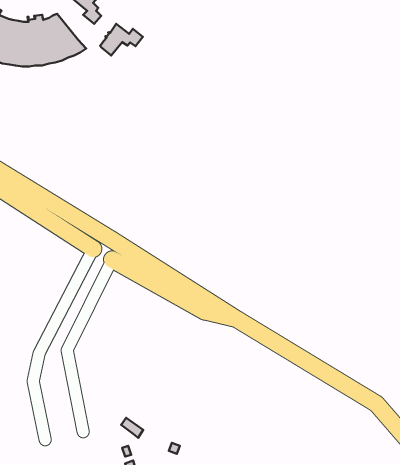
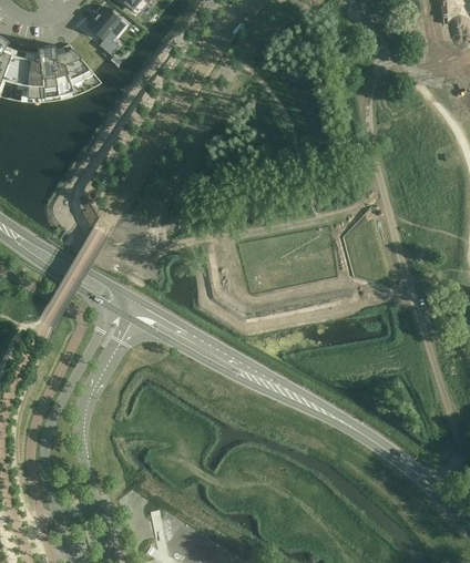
building: [100,24,143,56] -> none

